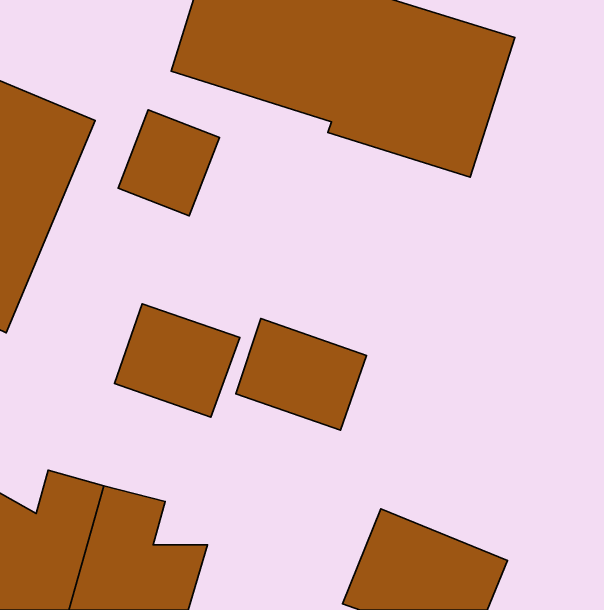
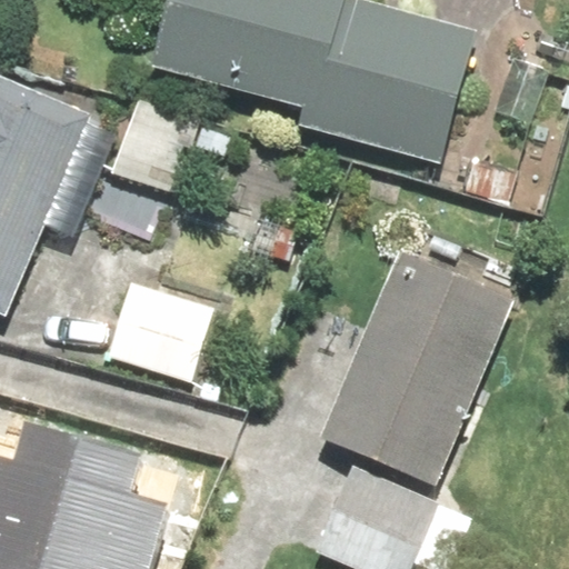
building: none -> [321,258,513,486]
building: [236,319,367,430] -> none

